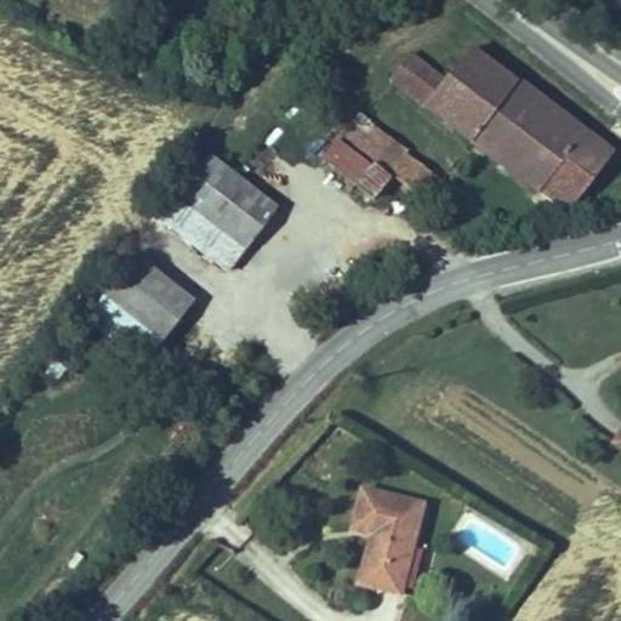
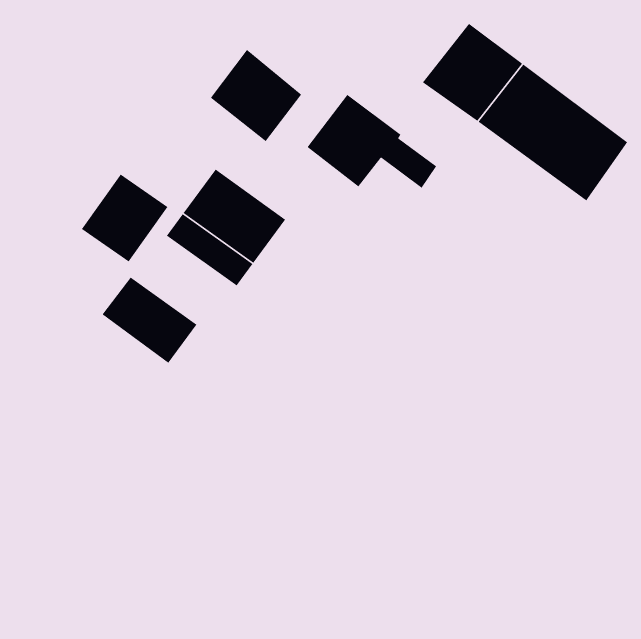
building: none -> [210,49,302,142]
building: none -> [81,174,169,262]
building: [360,473,428,579] -> none

